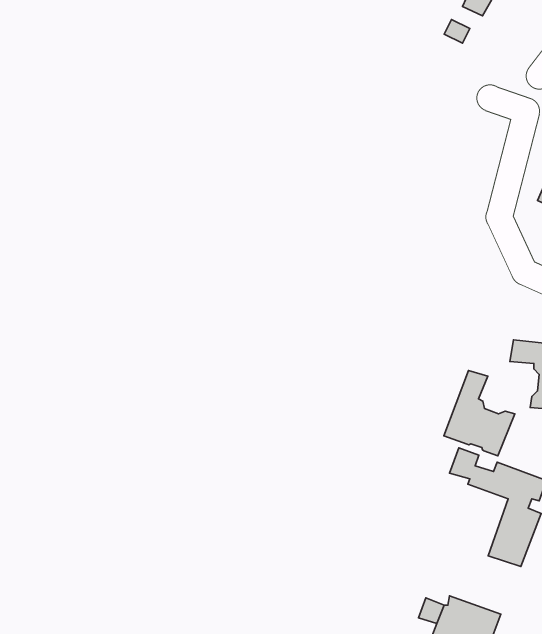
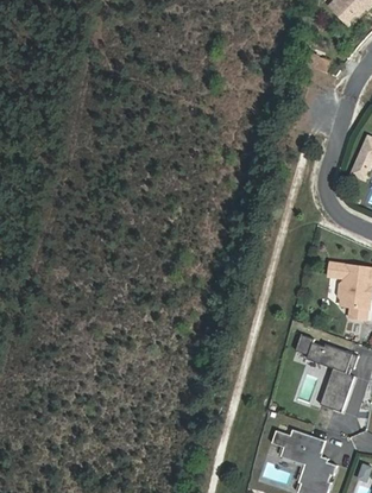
building: [444,371,515,456] -> none

